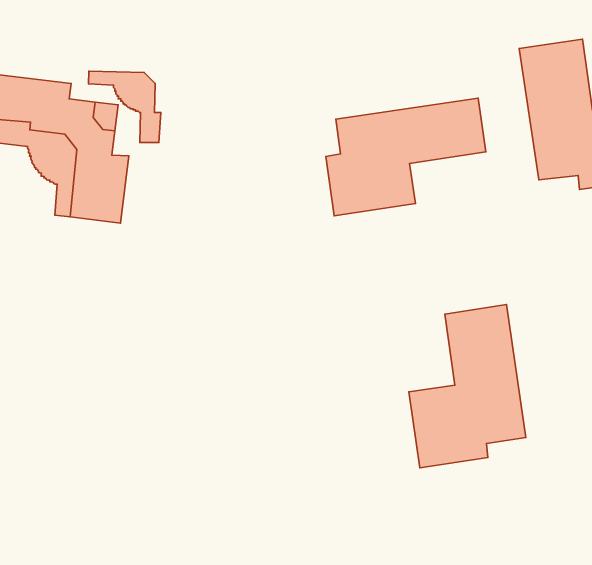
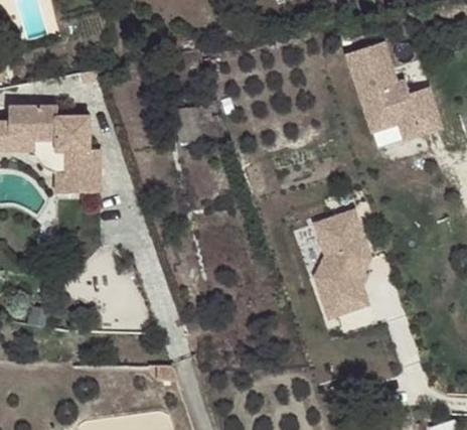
building: [89,71,161,142] -> none
building: [326,98,486,216] -> none

